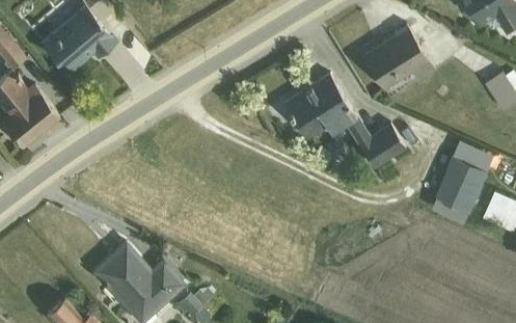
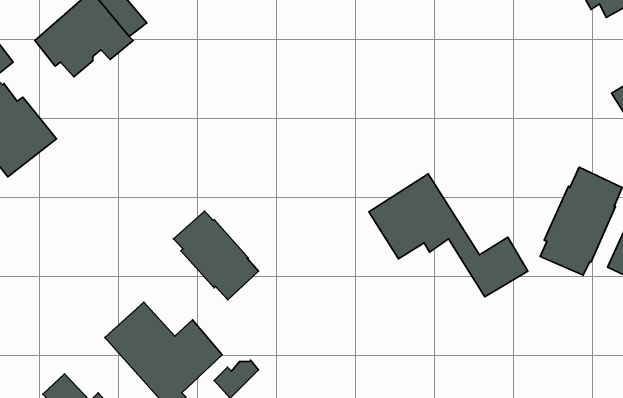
building: [361,25,435,88] -> none
building: [283,74,406,168] -> [369,174,528,297]
building: none -> [173,211,259,300]

